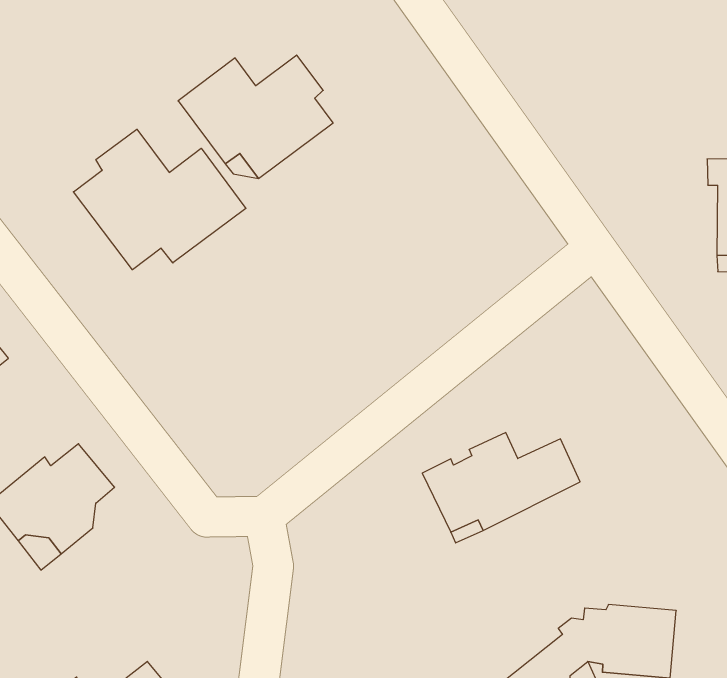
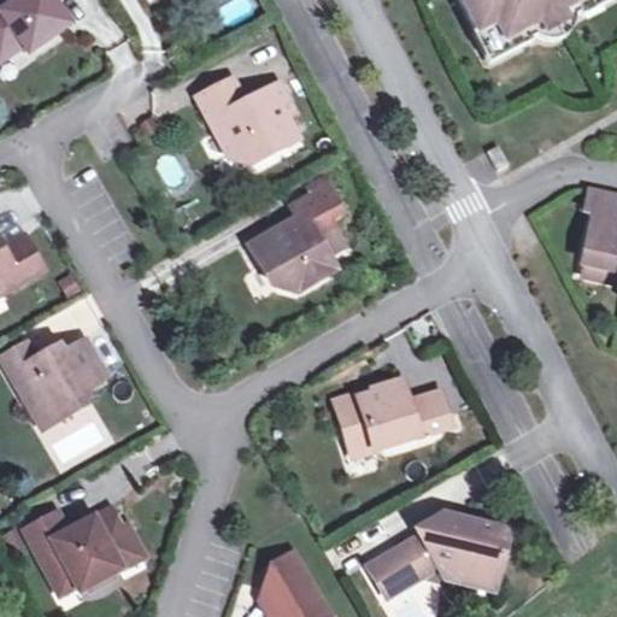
building: [73,129,246,270] -> none
building: none -> [248,182,343,290]

